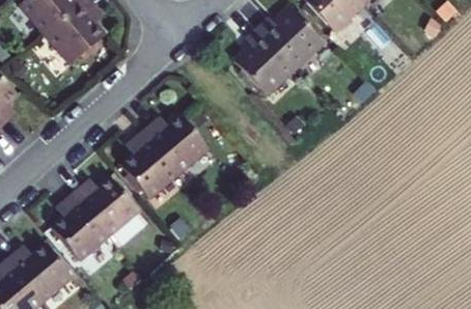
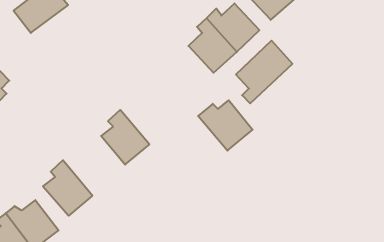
building: [40,7,101,73] -> none
building: none -> [236,41,292,103]
building: [147,114,213,174] -> [198,100,253,151]
building: [79,175,144,235] -> none

